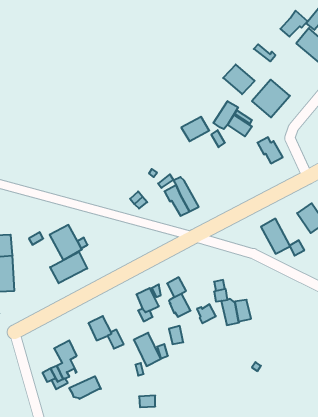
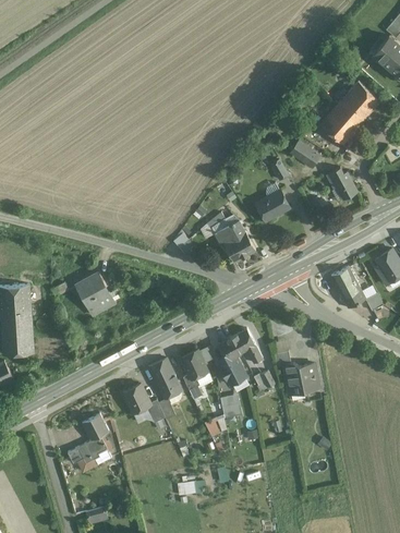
building: [280,11,308,37] -> none
building: [223,64,255,94] -> [342,82,380,118]
building: [213,101,238,129] -> none
building: [181,117,209,141] -> [255,191,289,220]
building: [50,252,87,283] -> none
building: none -> [231,327,263,362]
building: [134,333,161,366] -> [148,359,181,399]
building: [69,376,101,399] -> none

